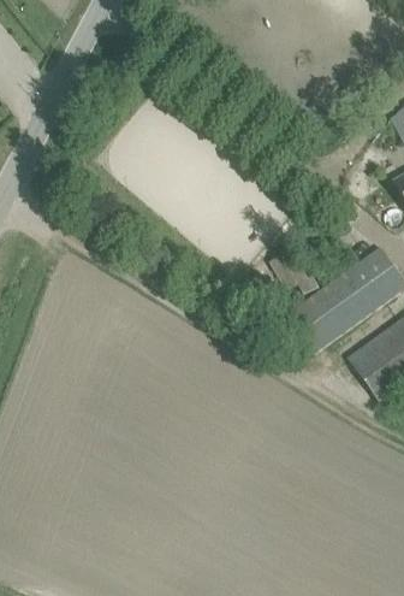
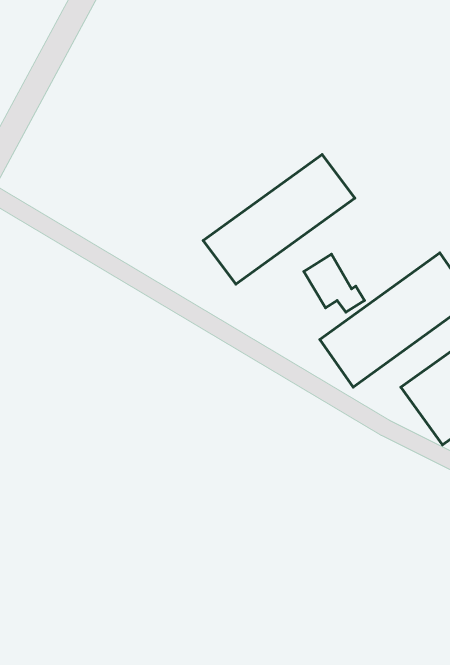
building: none -> [203,155,355,284]

